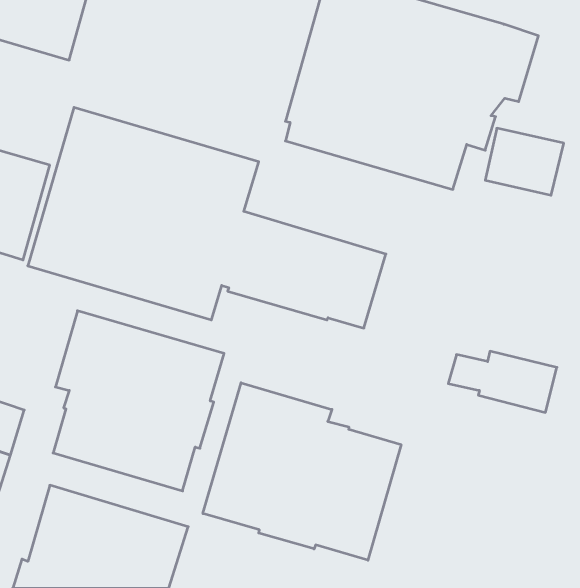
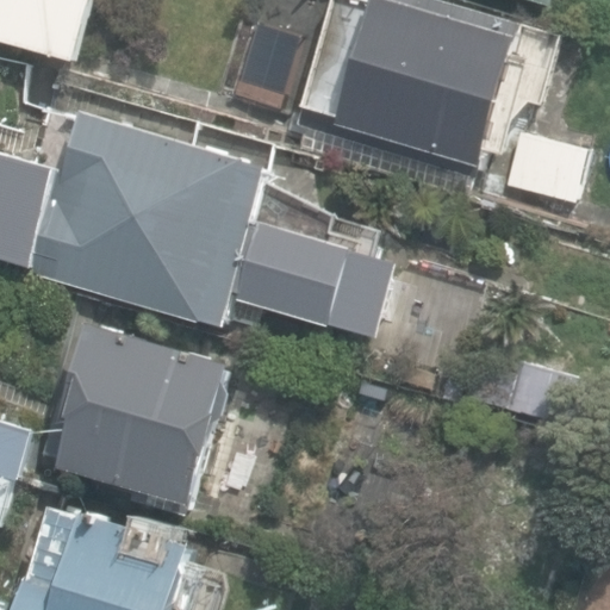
building: [203,383,401,560] -> none

